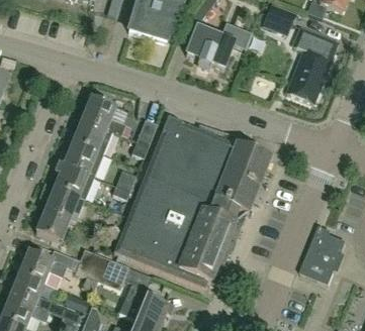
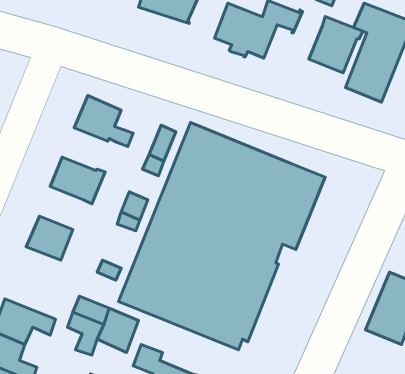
building: none -> [309,17,363,73]
building: [71,120,112,153] -> none
building: [53,162,93,198] -> none
building: [35,210,70,241] -> none

